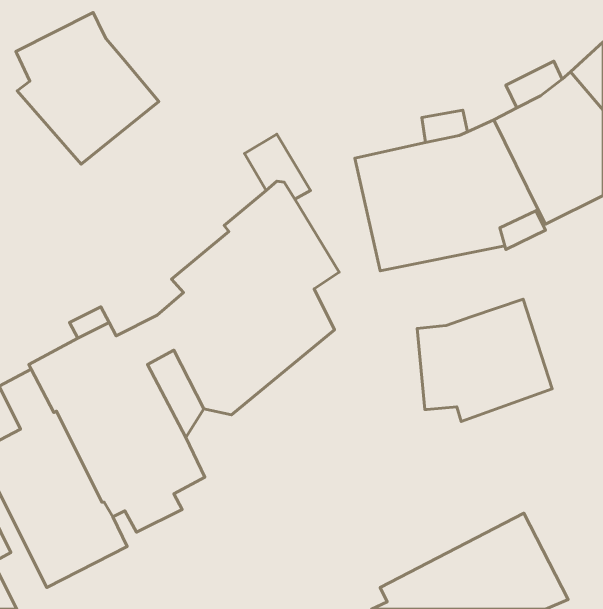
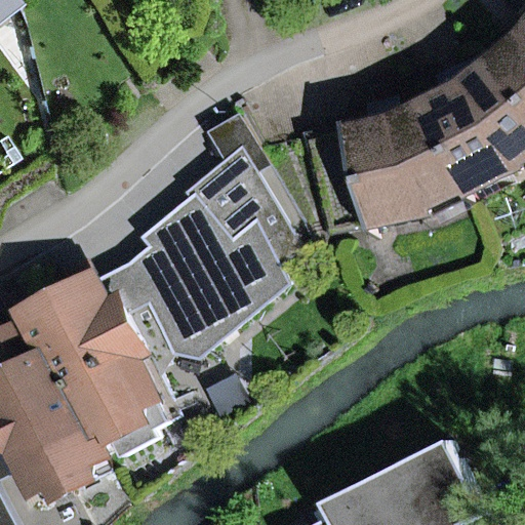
building: [16,13,159,164] -> none
building: [417,299,552,421] -> none

